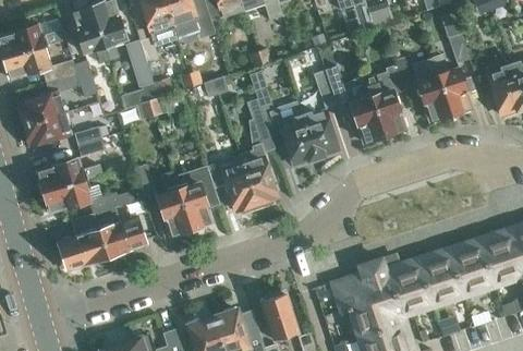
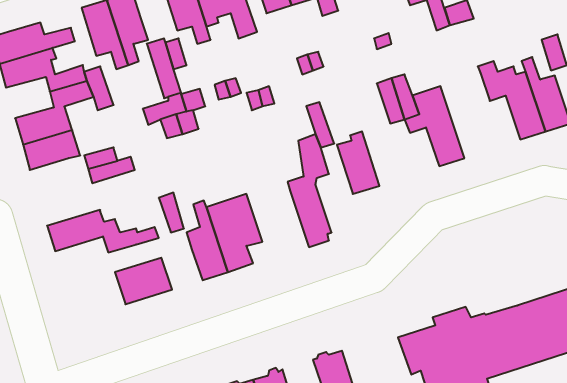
building: [367,65,406,135] -> none
building: [302,110,339,158] -> none
building: [38,158,102,191] -> none
building: [222,162,258,214] -> none
building: [61,229,108,267] -> none

